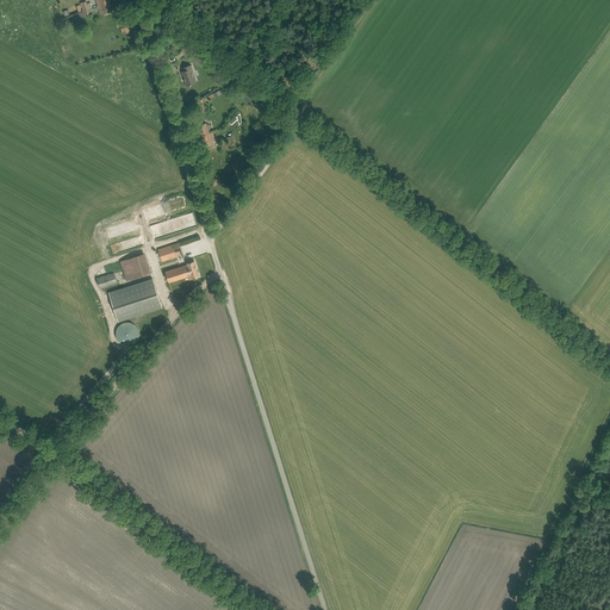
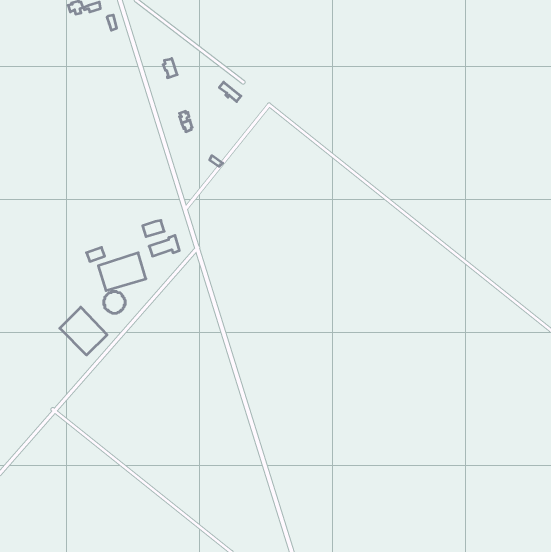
building: [119,253,150,281] -> none
building: none -> [60,307,107,355]

